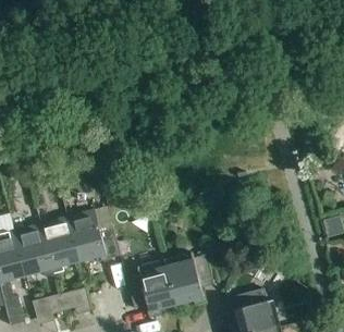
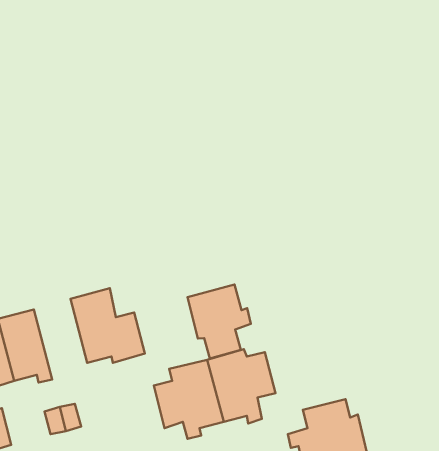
building: none -> [187,284,251,359]
building: [41,216,79,273] -> none

